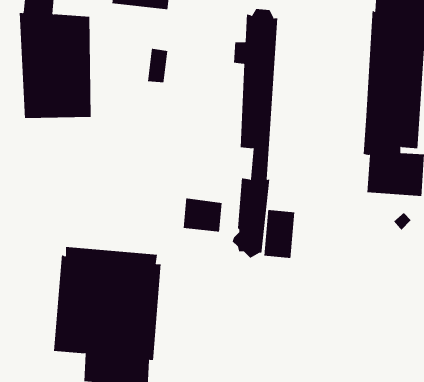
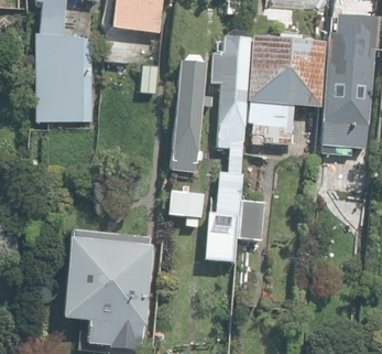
building: none -> [249,35,324,143]
building: none -> [172,54,212,171]

